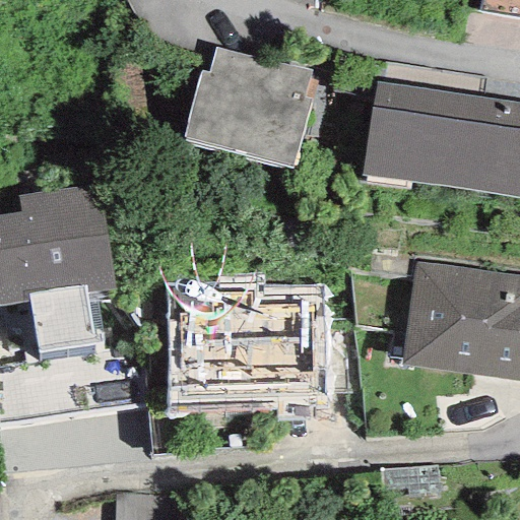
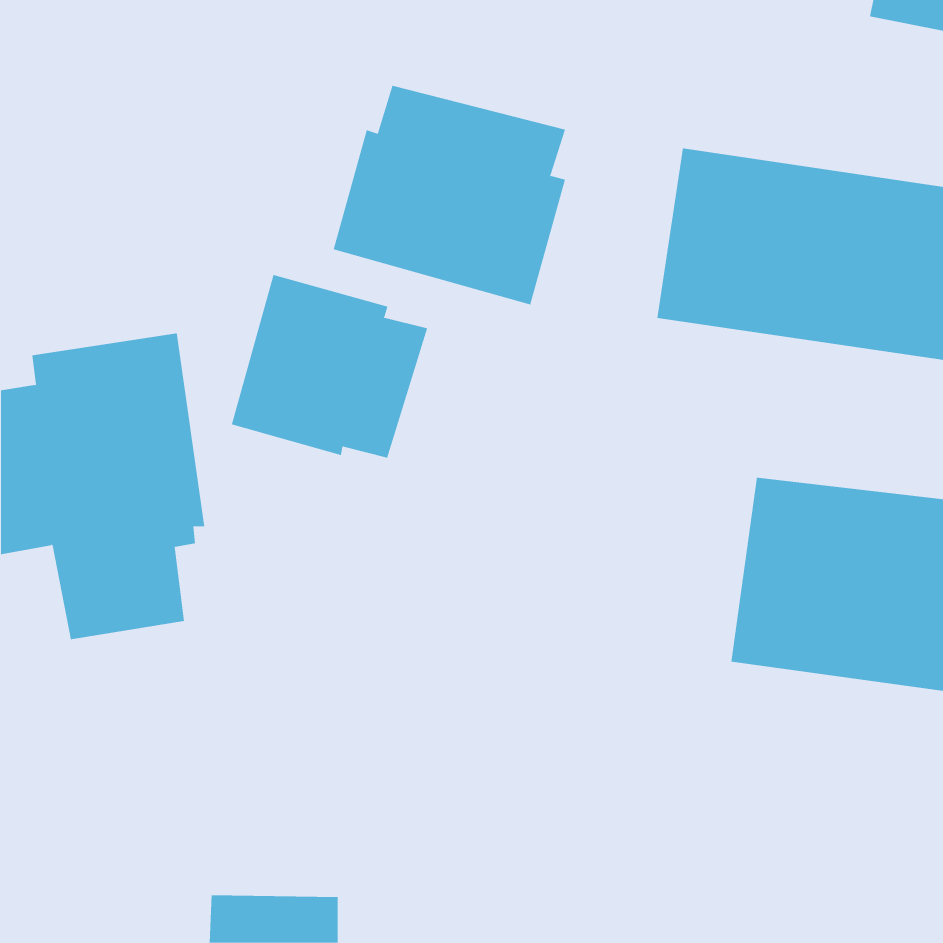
building: none -> [231,274,428,459]
building: [169,273,327,401] -> none

